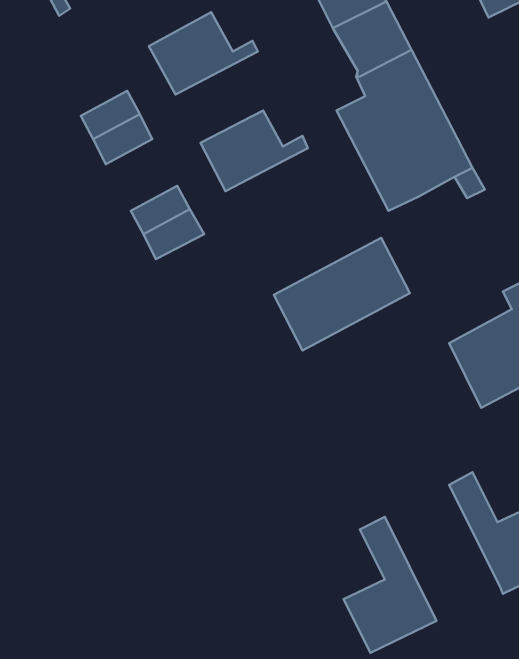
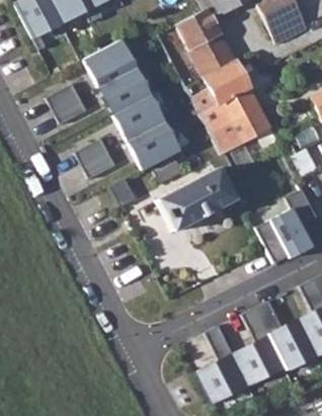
building: none -> [101,63,151,114]
building: none -> [130,117,180,170]
building: none -> [234,308,286,385]

